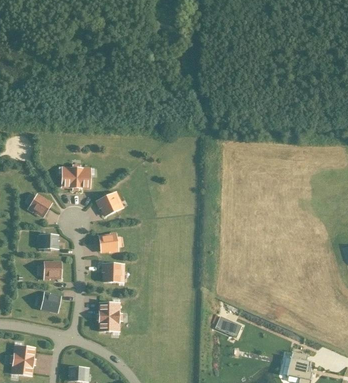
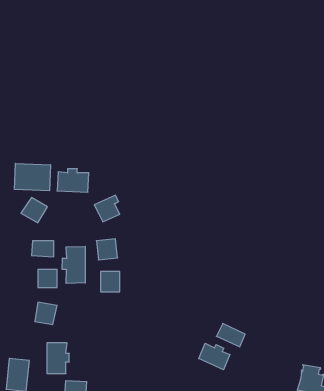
building: none -> [15,163,50,191]
building: none -> [62,246,85,283]
building: [98,302,119,331] -> [47,343,69,374]
building: none -> [199,343,230,370]

